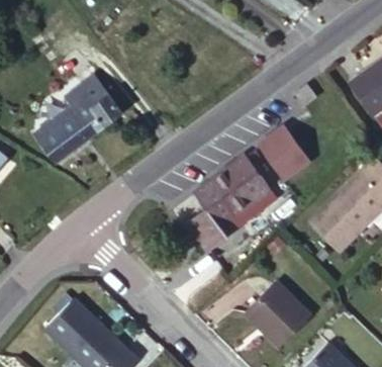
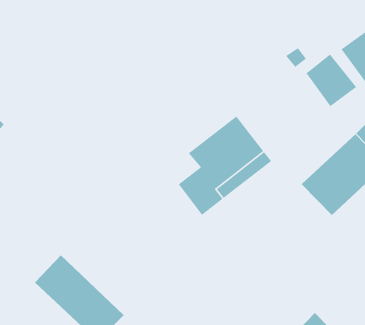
building: [23,74,111,159] -> none
building: [259,121,311,176] -> [305,53,357,107]
building: [248,283,317,351] -> none

